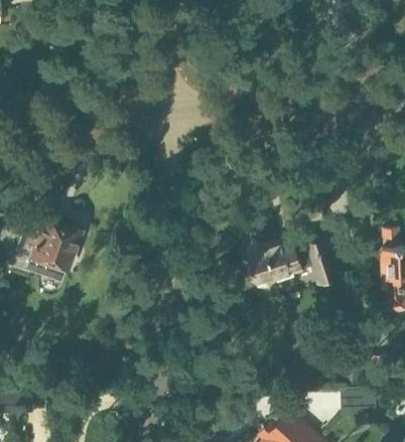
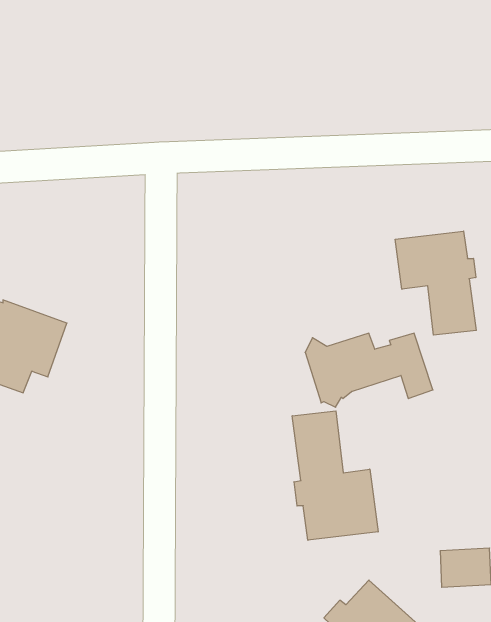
building: none -> [395,231,476,335]
building: none -> [292,411,378,540]

